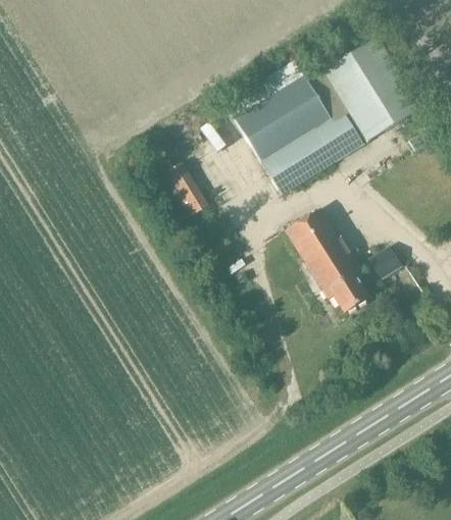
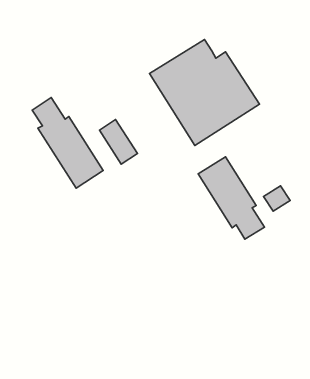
building: [323,39,420,142] -> none
building: none -> [32,98,103,188]

